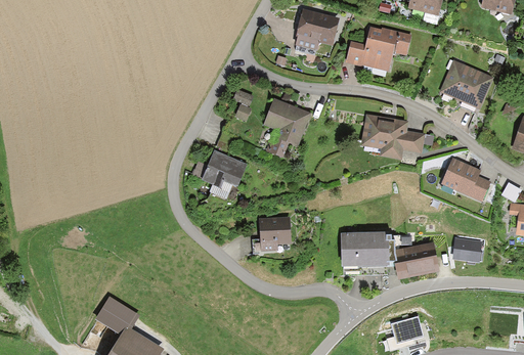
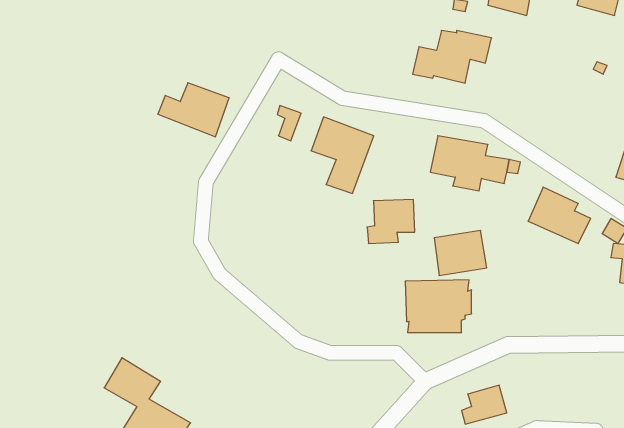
building: [294,8,339,50] -> none
building: [438,58,493,108] -> none
building: [190,150,249,194] -> [158,83,229,137]
building: [252,217,291,253] -> [367,200,415,243]
building: [451,236,483,262] -> none
building: [396,241,439,278] -> [434,230,487,276]

